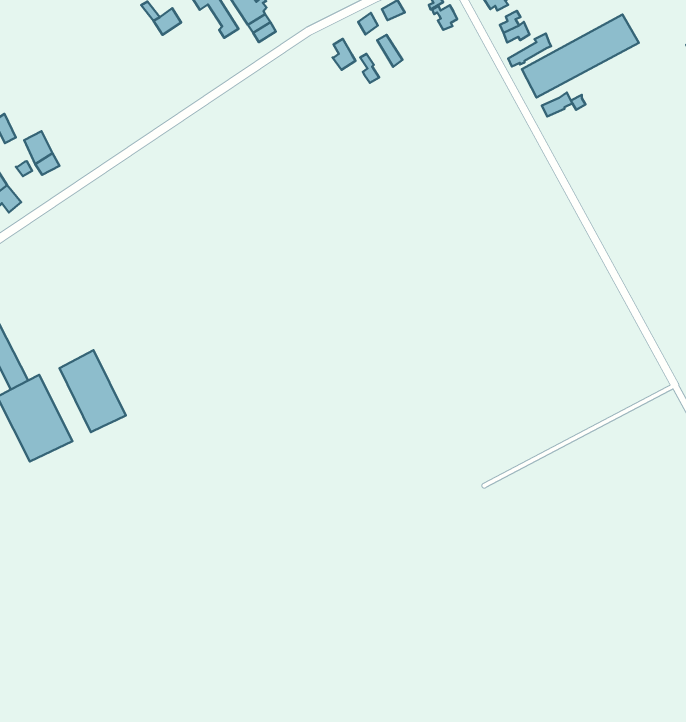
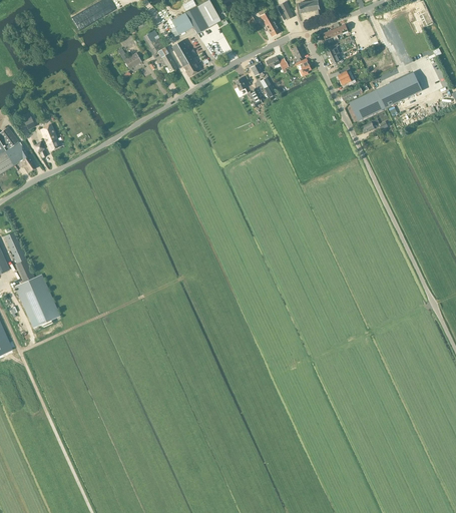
building: [59,350,126,432] -> none

